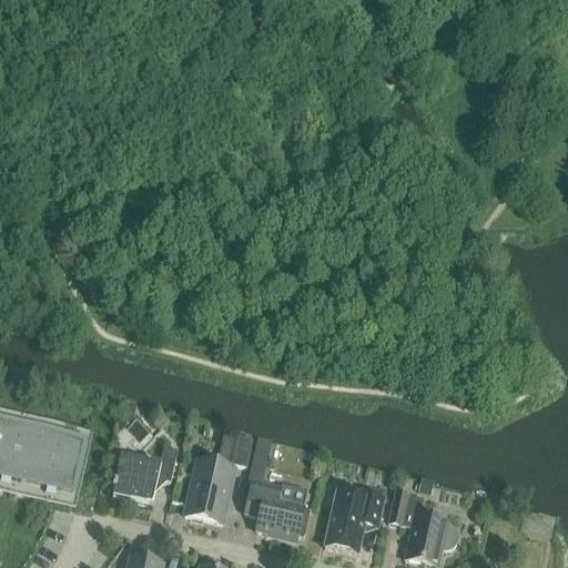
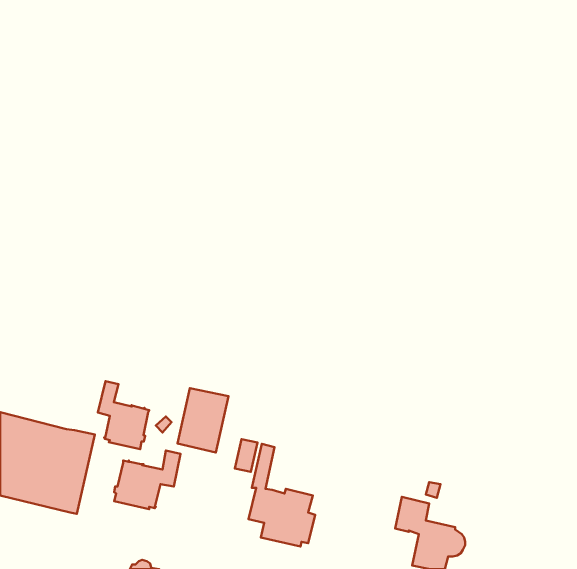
building: none -> [98,381,149,449]
building: [184,457,234,520] -> [178,388,228,453]
building: [324,487,384,550] -> none

